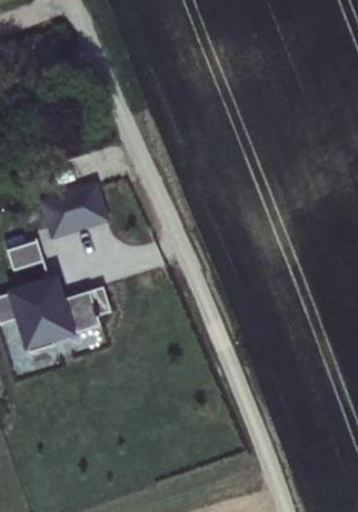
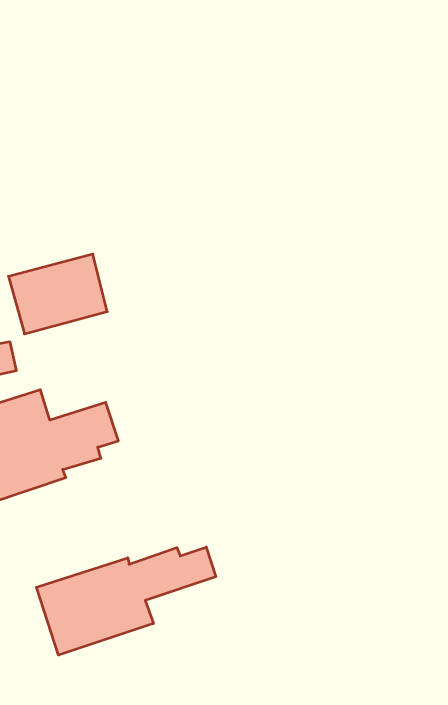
building: none -> [36,547,216,655]

